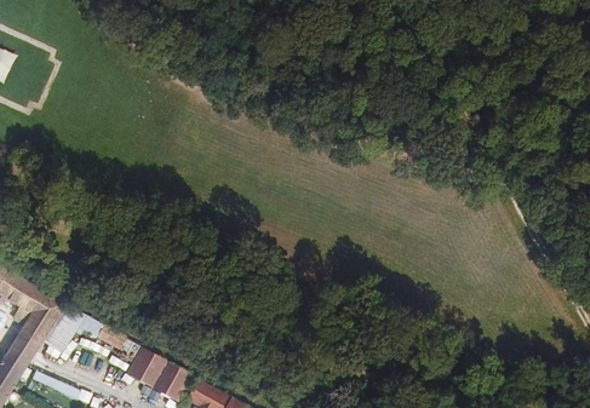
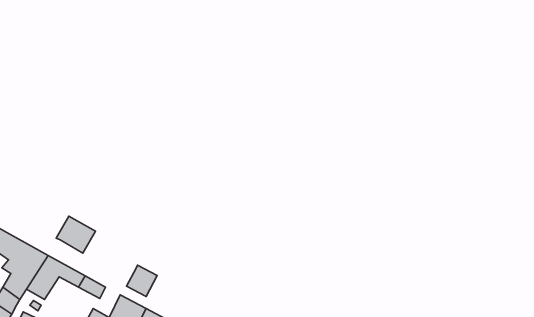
building: none -> [56,216,95,253]
building: none -> [126,265,157,296]

